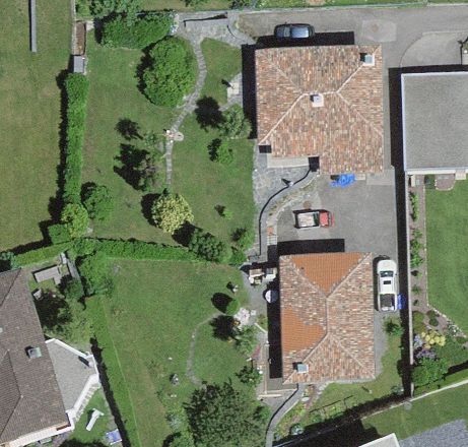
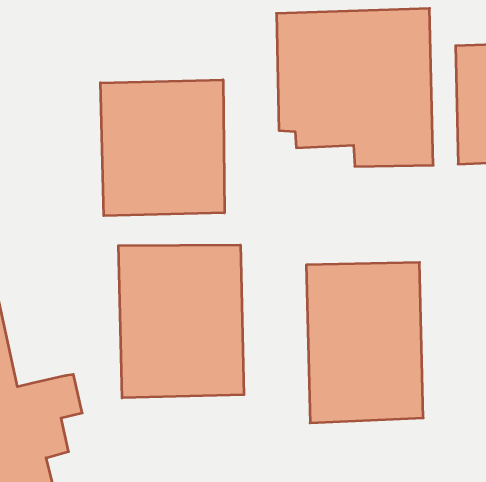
building: none -> [100,80,224,216]
building: none -> [118,245,244,398]

